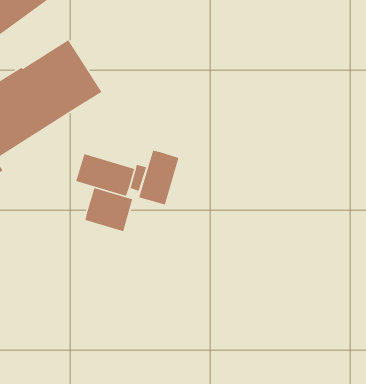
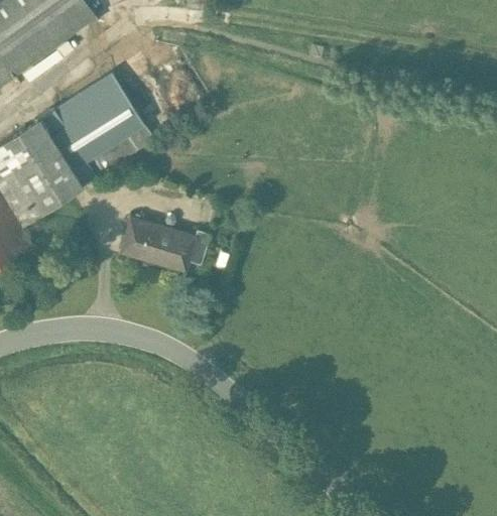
building: [138,150,180,205] -> none
building: [84,187,133,232] -> none

